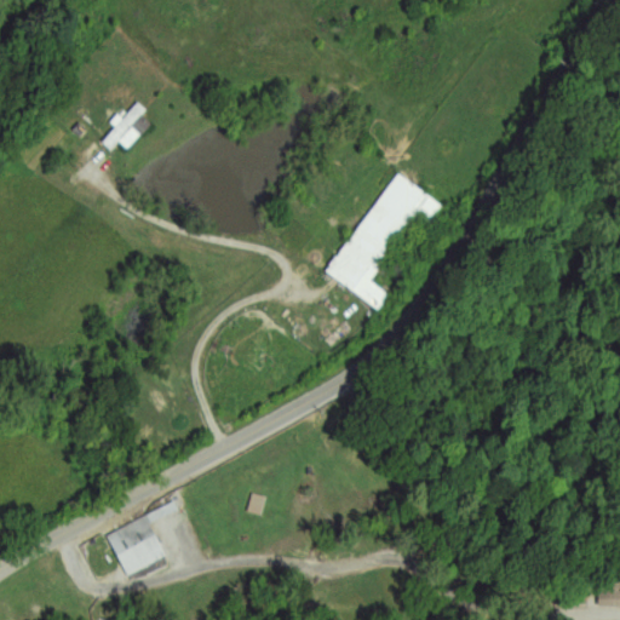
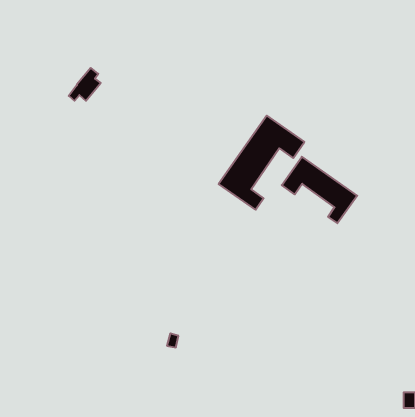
building: none -> [282,157,357,223]
building: [109,519,165,575] -> none

